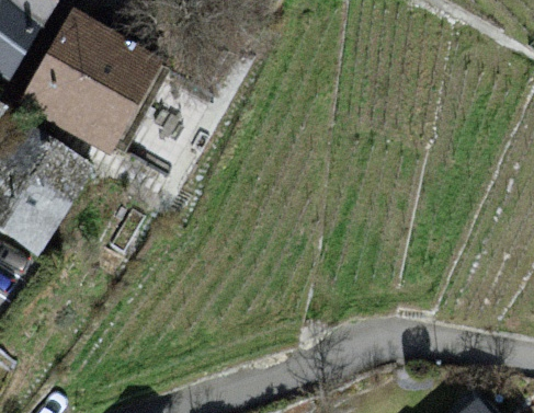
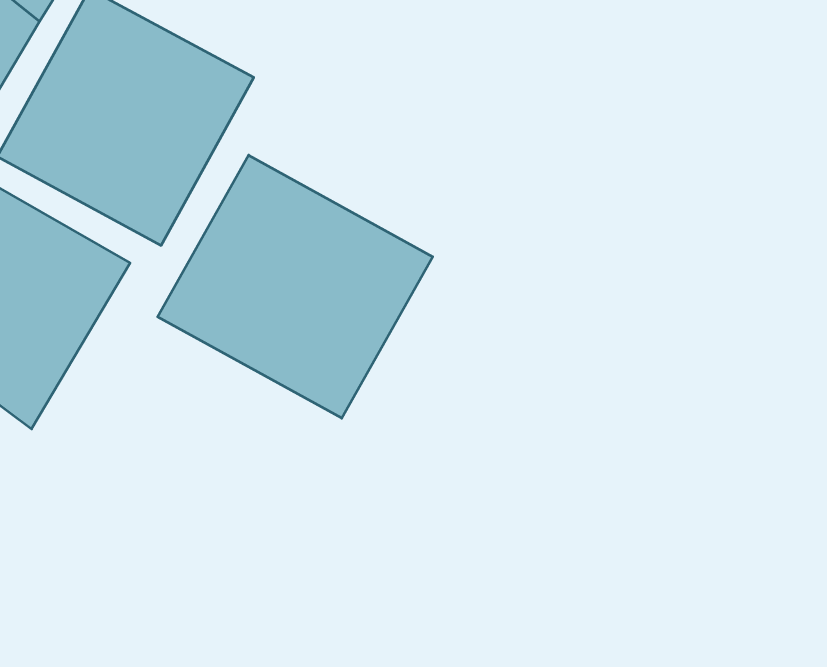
building: none -> [158,155,433,418]

